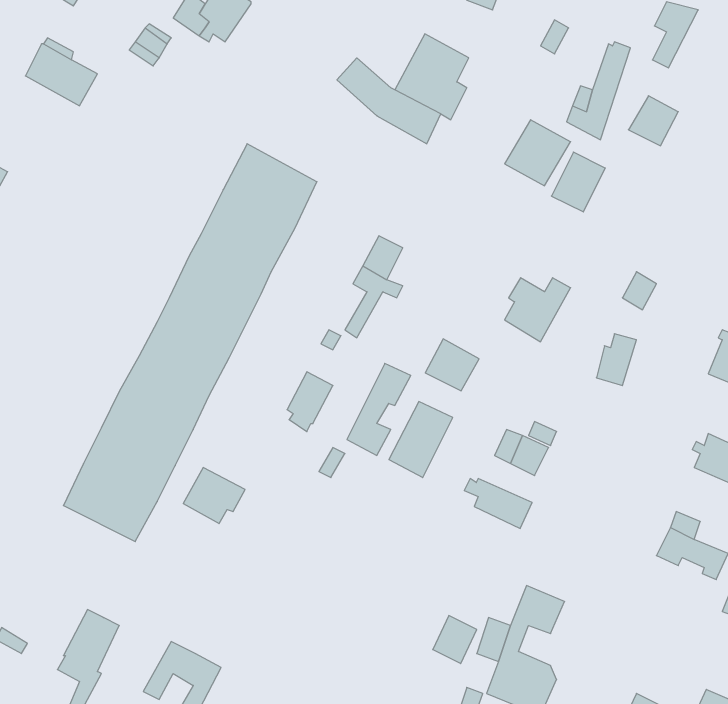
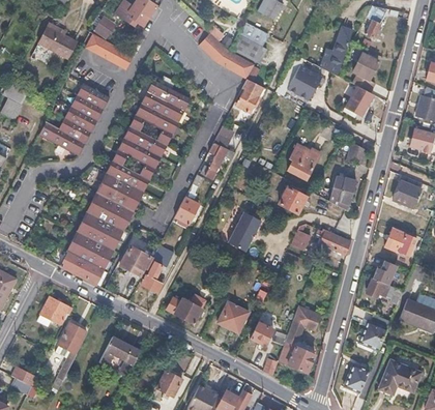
building: none -> [82,32,132,68]
building: none -> [235,79,258,114]
building: [551,152,605,212] -> [344,86,372,117]
building: none -> [39,85,110,156]
building: [425,339,479,391] -> [278,186,306,213]
building: [347,363,411,455] -> [140,246,173,294]
building: [464,479,532,528] -> [314,229,349,255]
building: none -> [37,295,69,325]
building: none -> [166,296,204,324]
building: none -> [218,302,249,333]
building: none -> [360,314,390,349]

